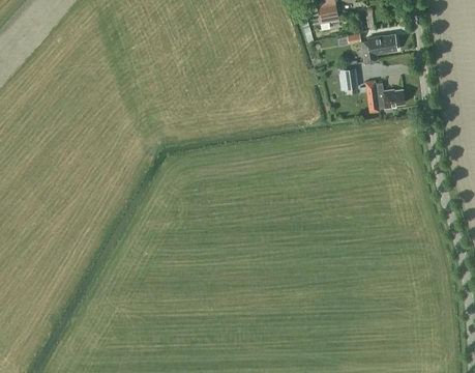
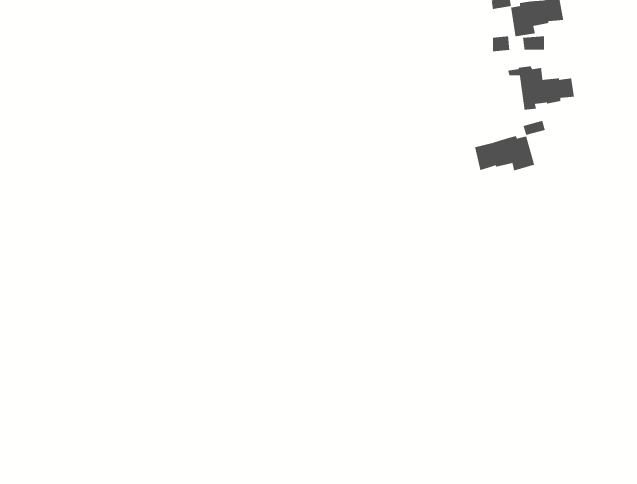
building: none -> [474,120,546,171]

